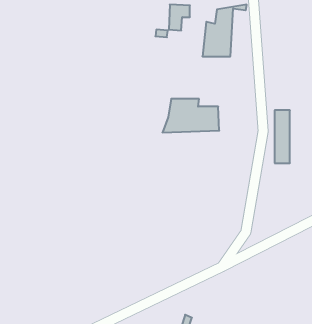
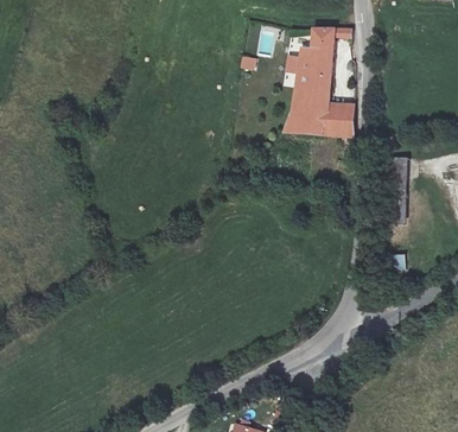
building: [162,99,219,132] -> [285,93,355,134]

